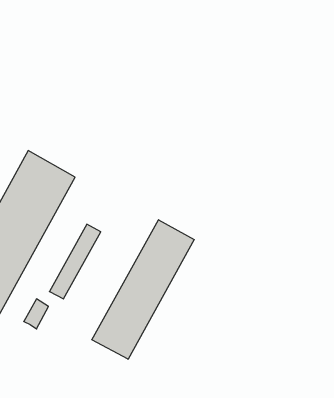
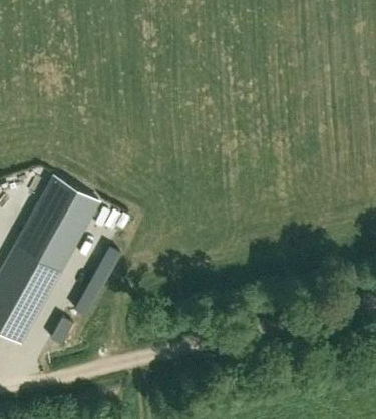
building: [92,220,194,359] -> none

